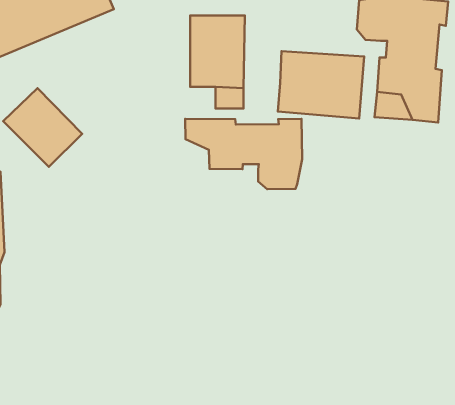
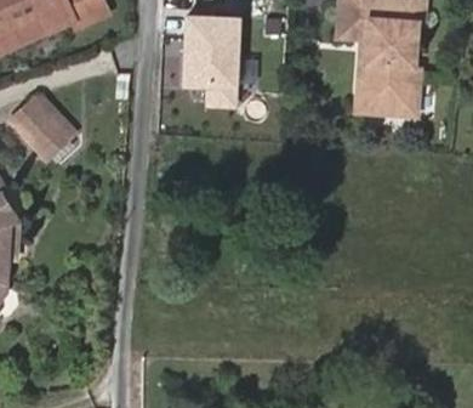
building: [278,51,364,118] -> none
building: [185,119,302,189] -> none

